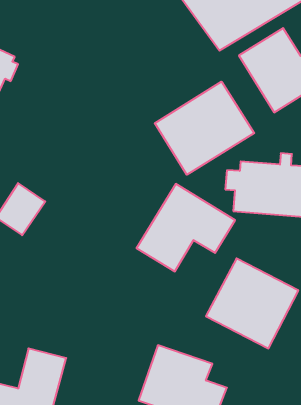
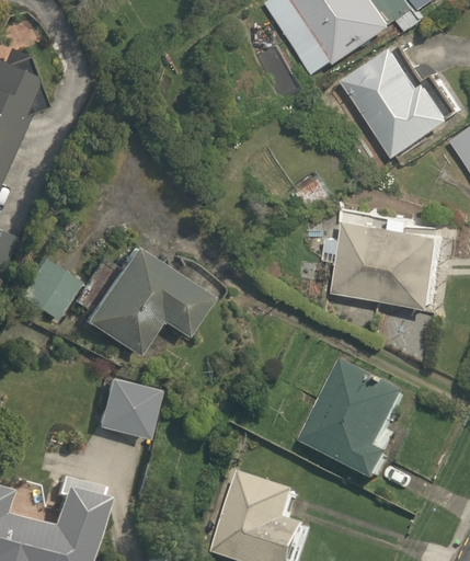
building: [155,82,254,175] -> none
building: [136,184,235,271] -> [80,244,215,364]
building: none -> [93,380,153,442]

